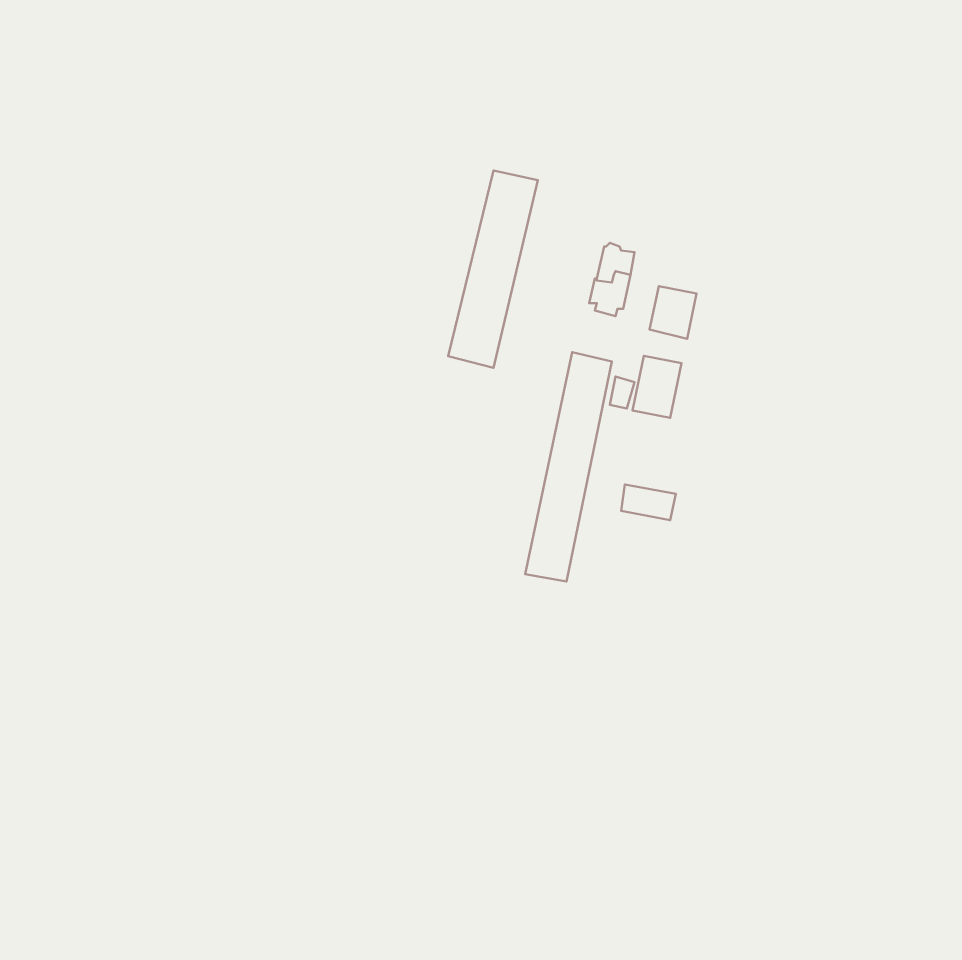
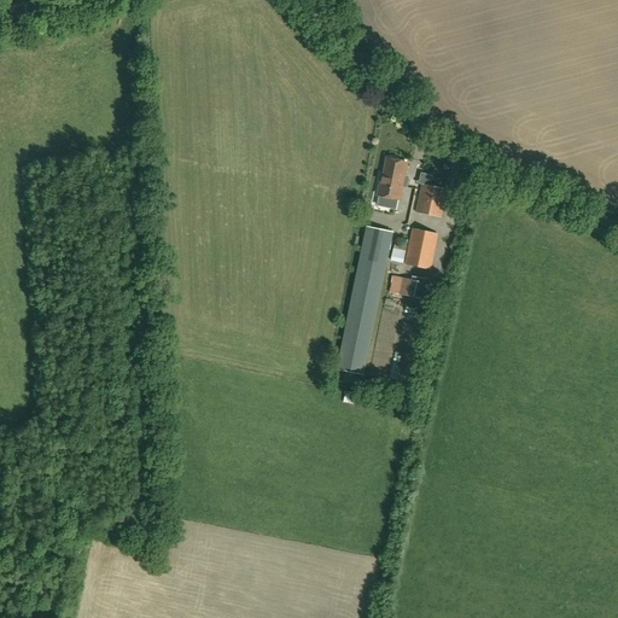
building: [448,171,538,368] -> none
building: [621,484,676,520] -> [390,275,425,298]

